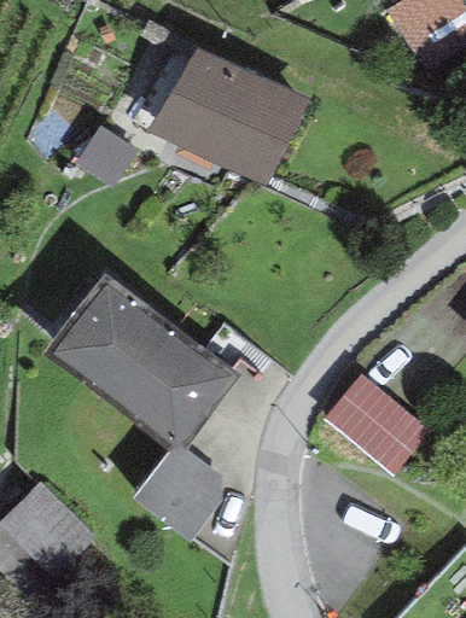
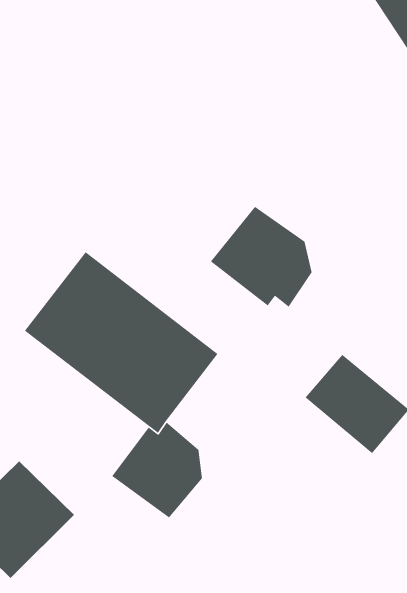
building: [150,45,307,185] -> none
building: none -> [210,206,312,308]

